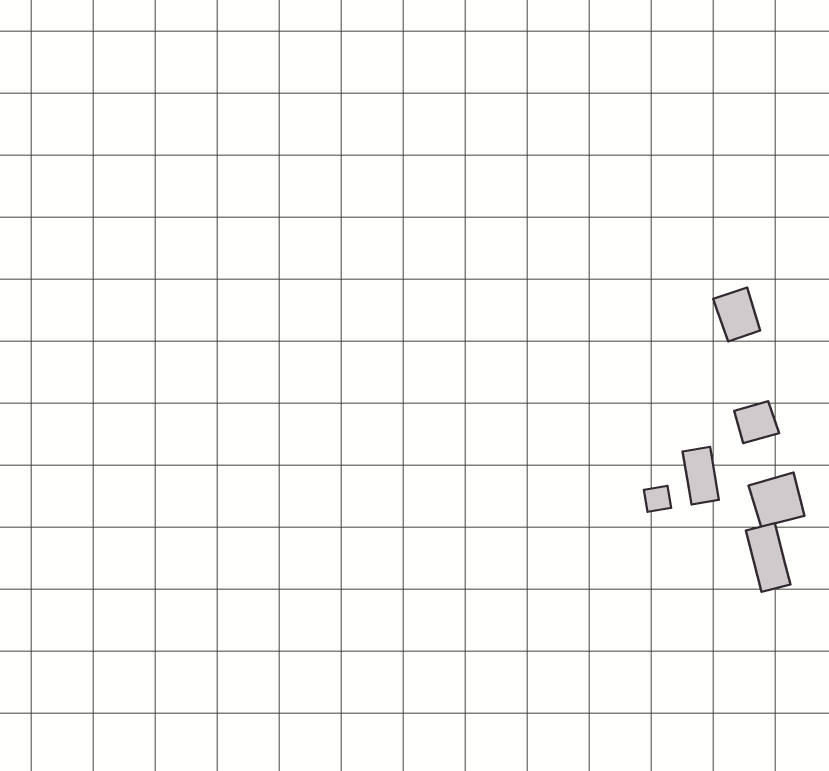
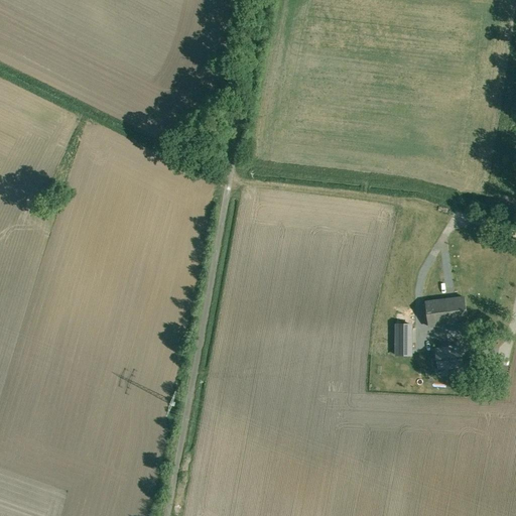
building: [713,287,760,341] -> [443,294,466,321]
building: [746,523,790,592] -> none

